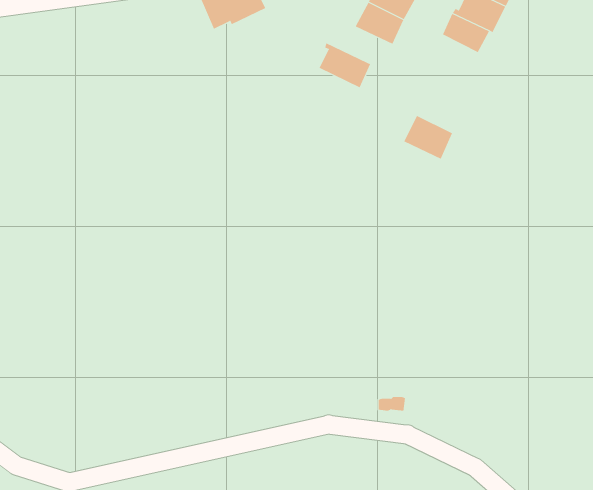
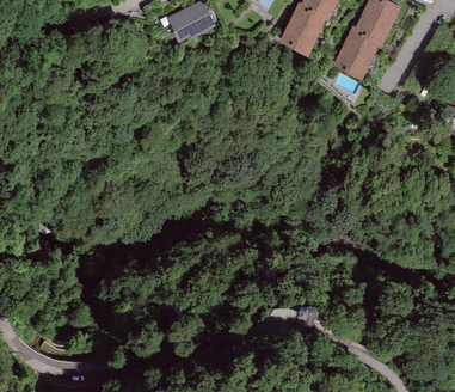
building: [319,43,371,88] -> none
building: [403,115,453,160] -> [334,48,370,80]

